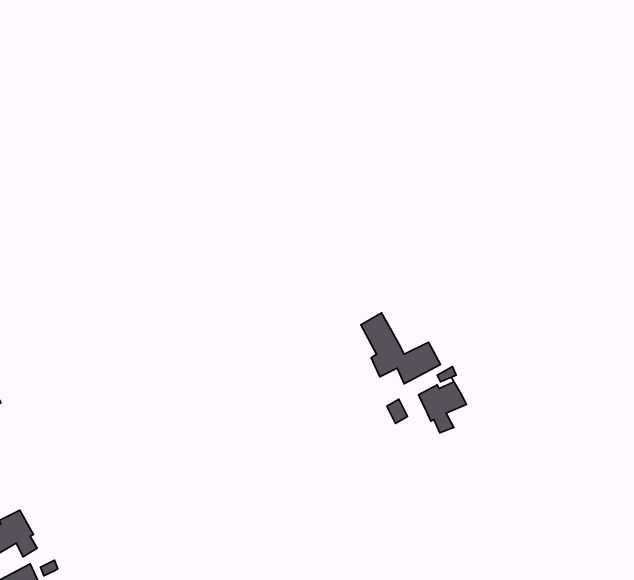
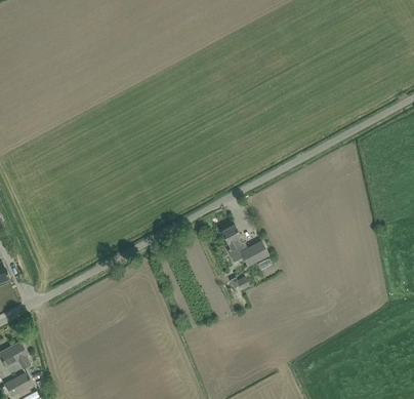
building: [418,378,466,433] -> none

